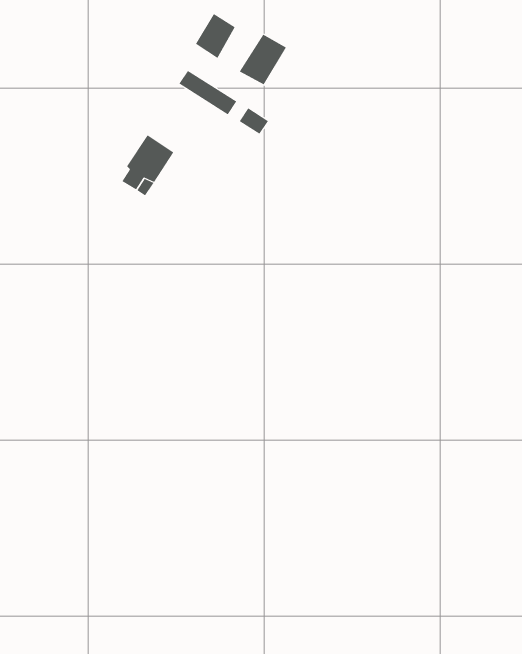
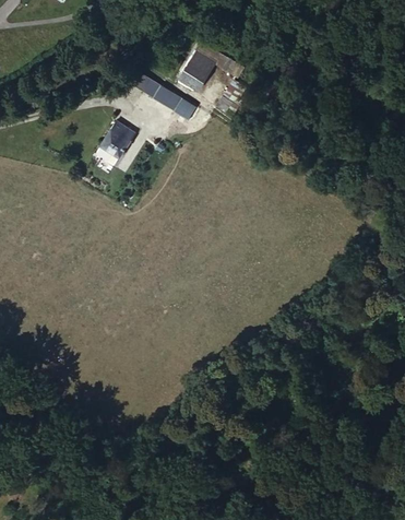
building: [195,13,235,59] -> none

